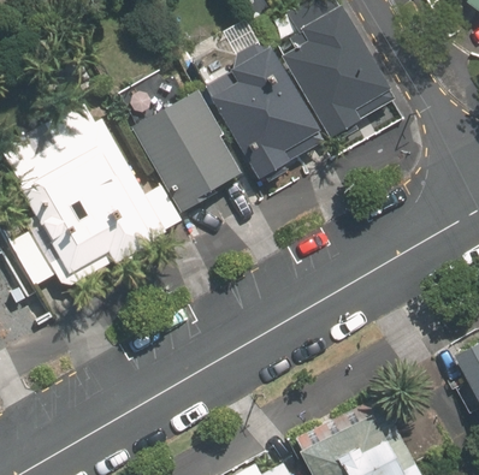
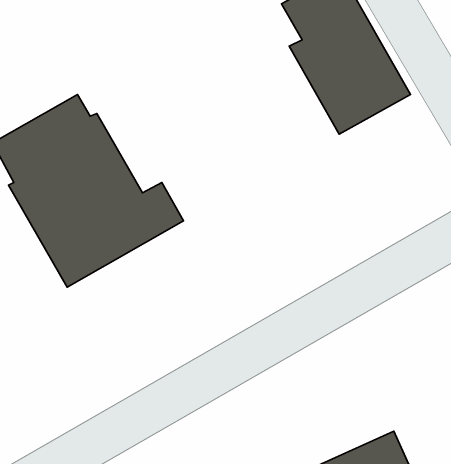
building: [203,44,325,179] -> none
building: [134,88,241,210] -> none

